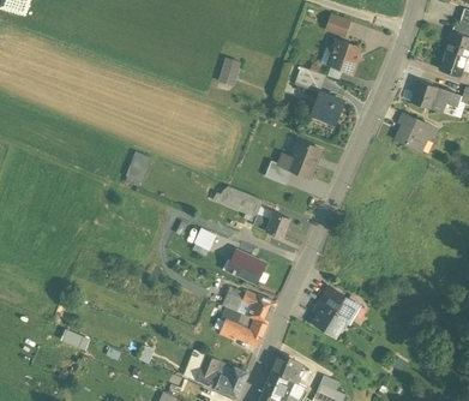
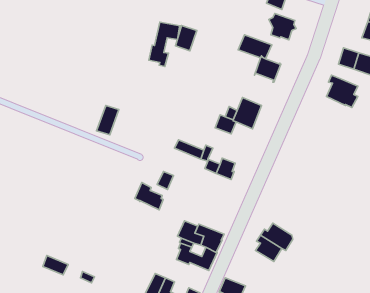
building: none -> [149,22,180,66]
building: [228,251,261,283] -> [135,182,163,210]

